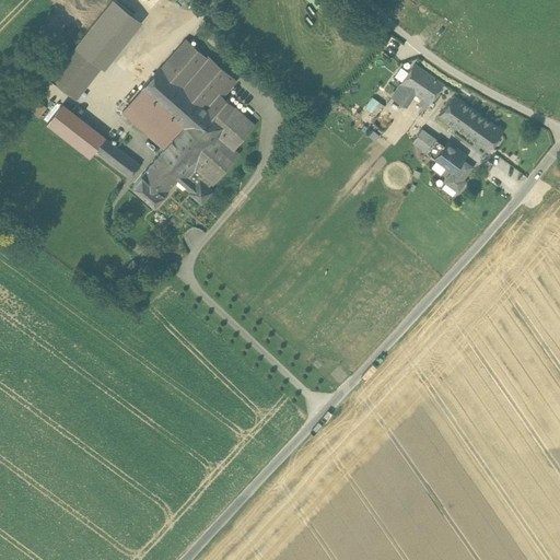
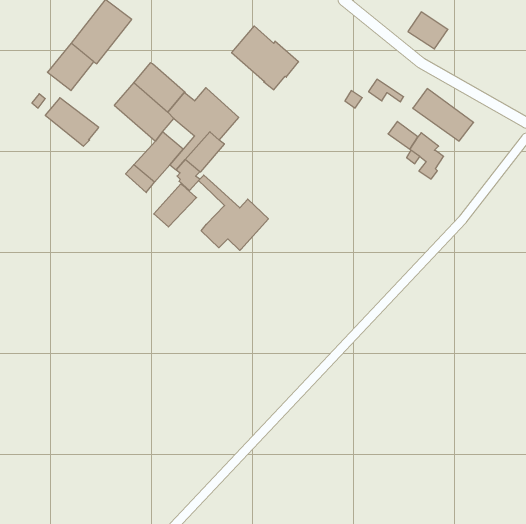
building: [162,42,233,109] -> [232,26,299,90]
building: [400,66,443,105] -> [408,12,448,49]
building: [173,128,207,161] -> none
building: [94,139,140,178] -> none
building: none -> [198,175,268,250]
building: none -> [154,184,197,227]

